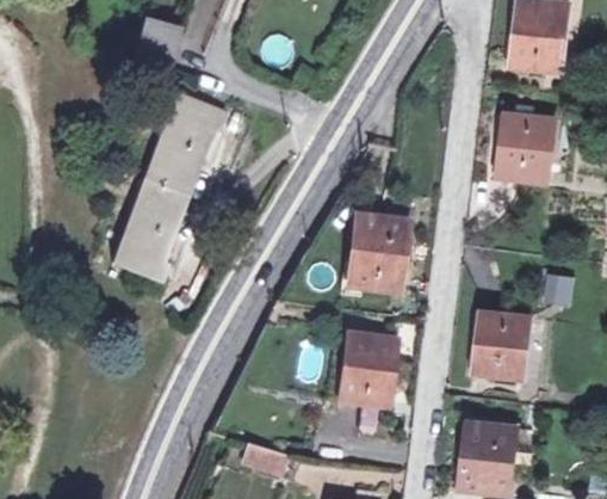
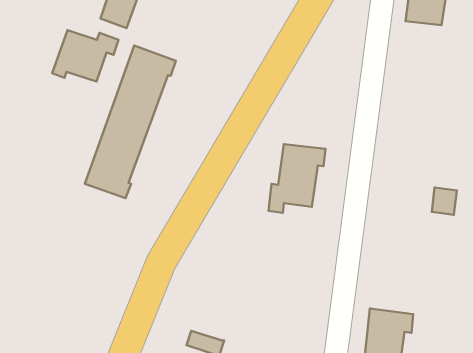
building: none -> [52,30,119,82]
building: [497,111,557,178] -> none
building: [473,307,533,375] -> none
building: [336,339,396,411] -> none

